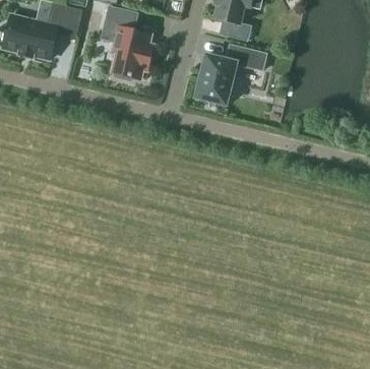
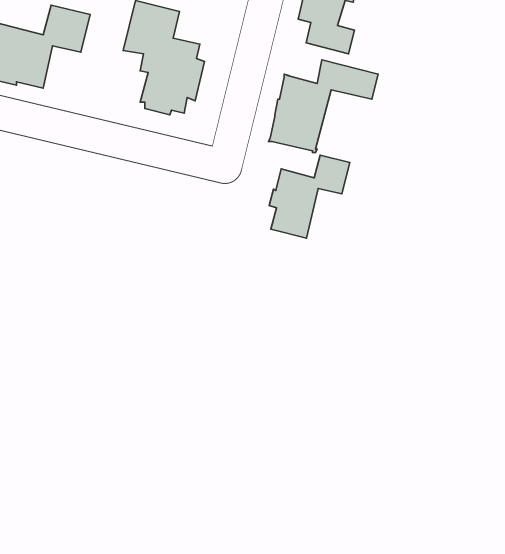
building: none -> [269,155,350,238]

